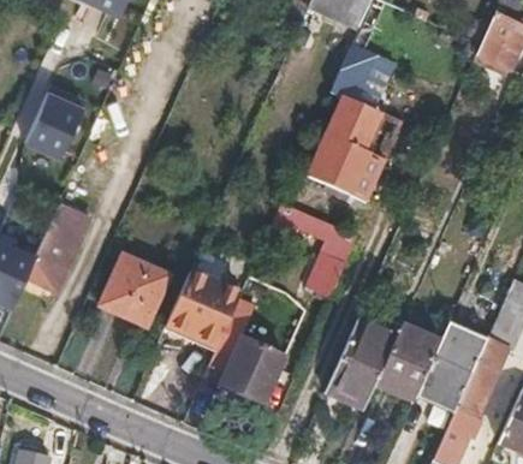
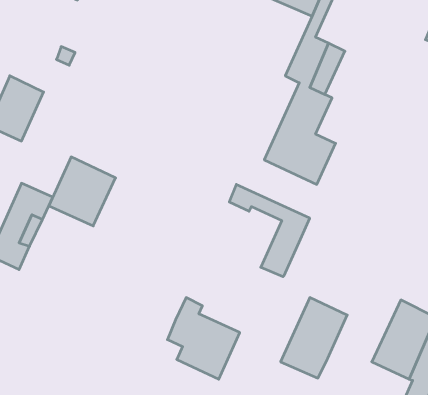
building: [100,255,168,326] -> [49,157,116,226]
building: [167,272,240,341] -> none
building: [374,323,441,401] -> none

